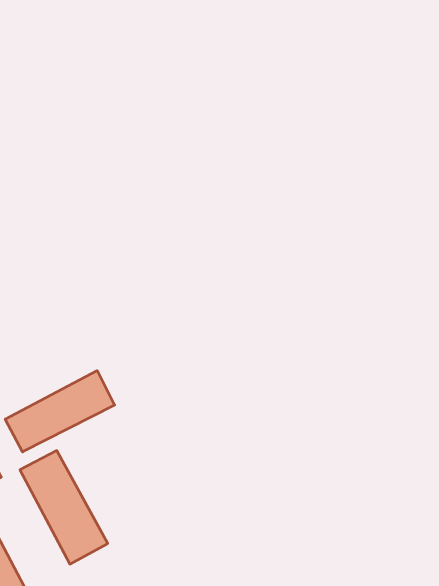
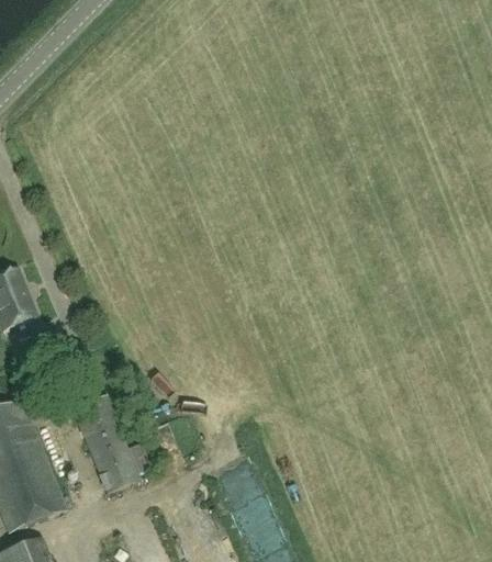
building: [5,371,115,452] -> none

